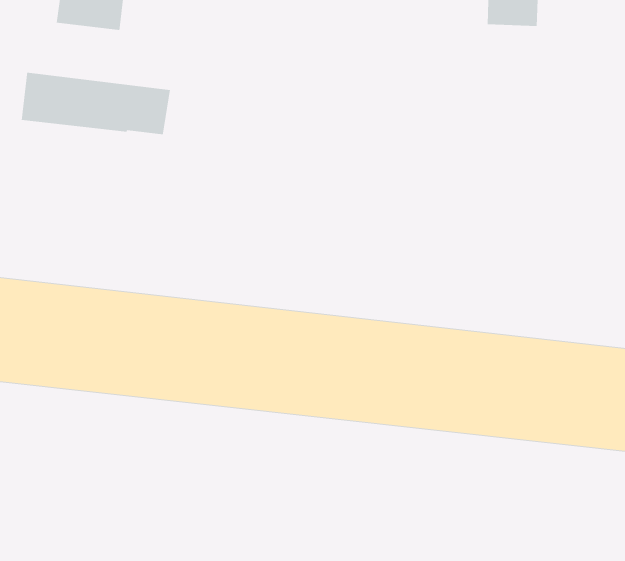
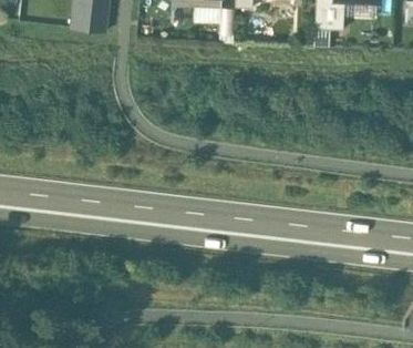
building: [21,72,171,135] -> none

